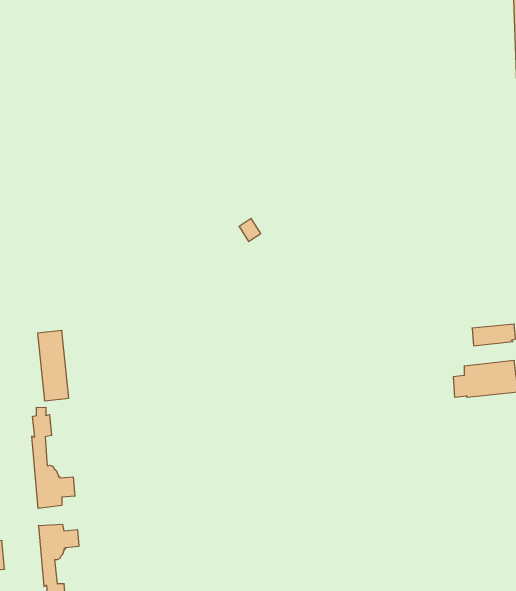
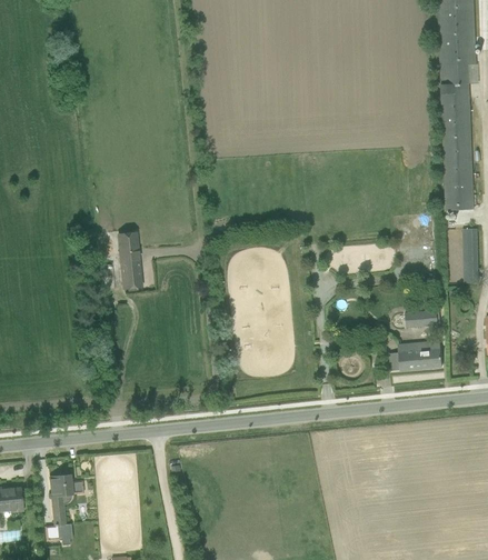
building: [38,330,69,401] -> [116,231,141,289]
building: [32,407,75,508] -> none

